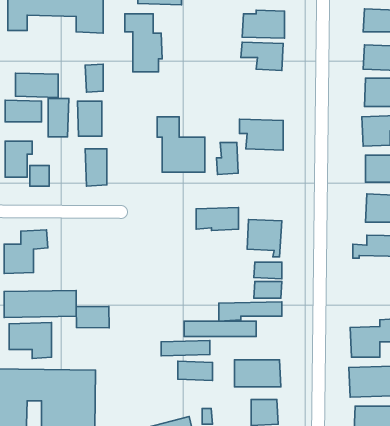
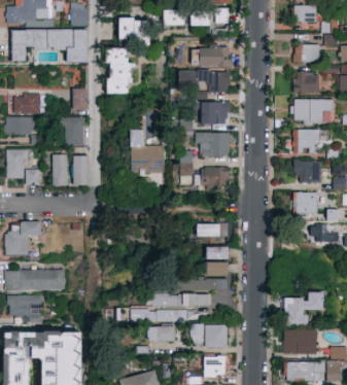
building: none -> [200,101,228,125]
building: [48,98,69,137] -> [51,154,68,185]
building: [196,207,239,231] -> [194,168,228,186]
building: [76,306,109,328] -> none

